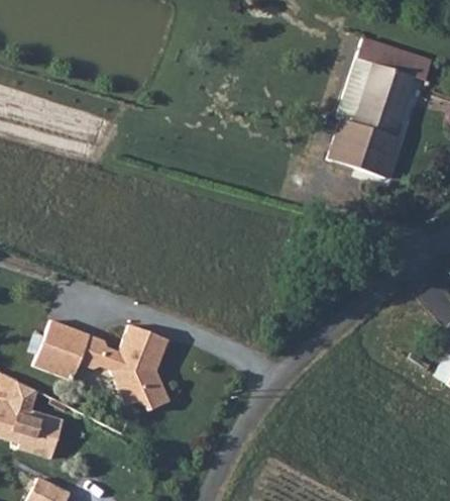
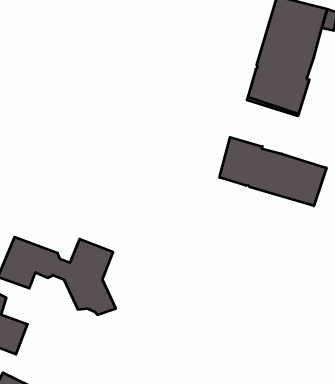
building: none -> [220,137,326,206]

